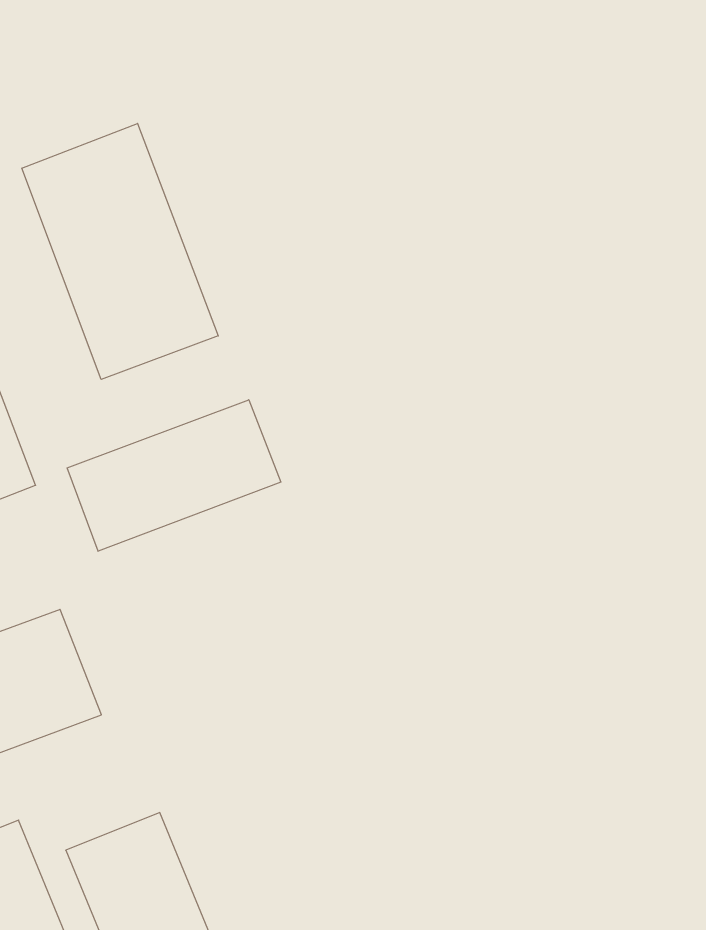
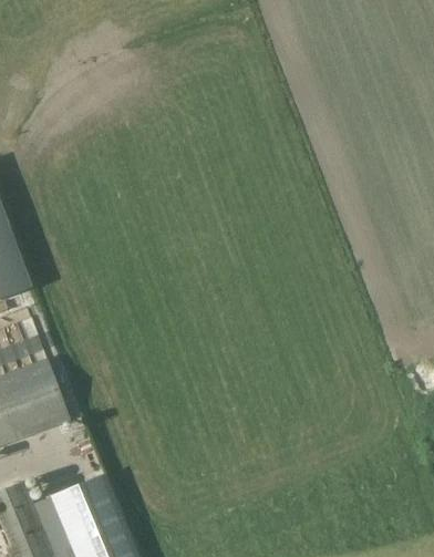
building: [22,123,218,379] -> none
building: [67,400,281,551] -> none

